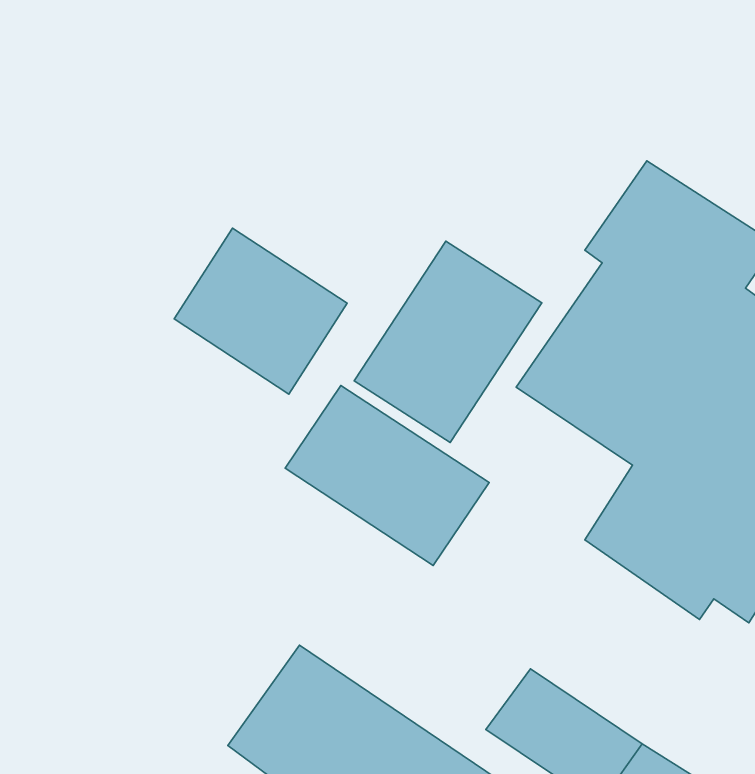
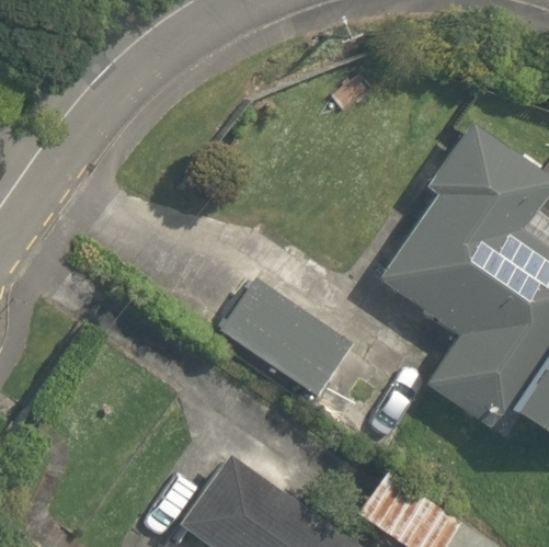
building: [174,228,347,394] -> none
building: [354,241,542,442] -> none

